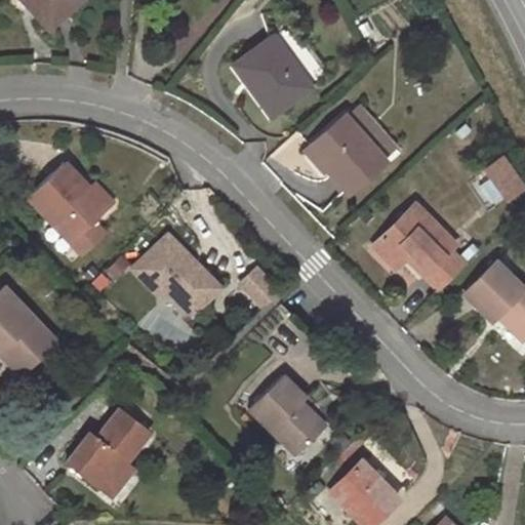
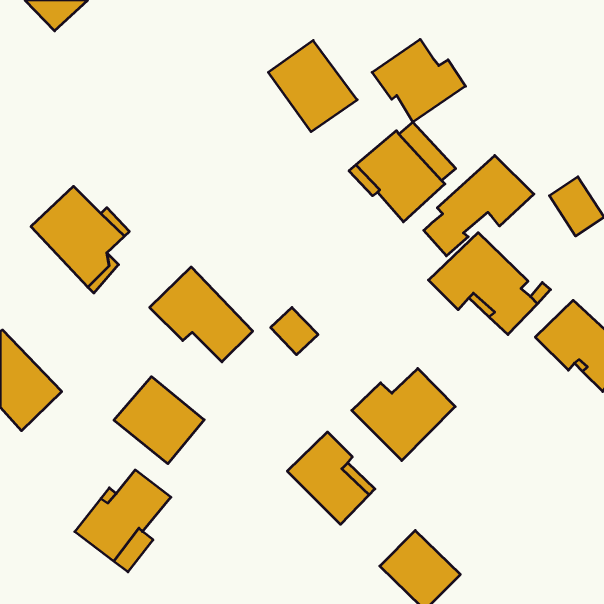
building: none -> [372,39,466,122]
building: none -> [424,155,534,256]
building: none -> [352,368,455,461]
building: none -> [114,377,204,464]

